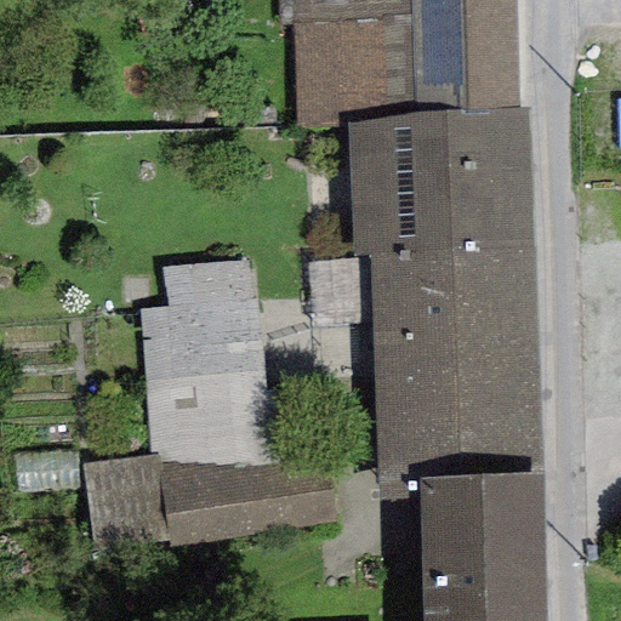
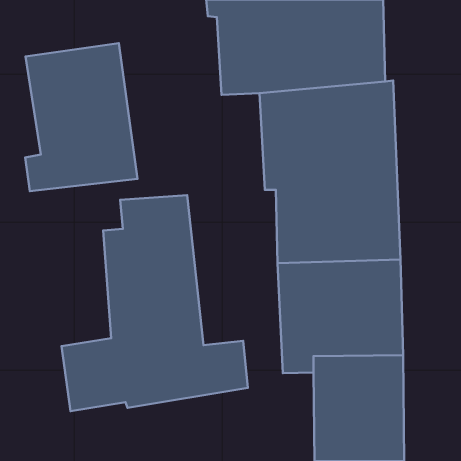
building: none -> [25,43,138,191]

